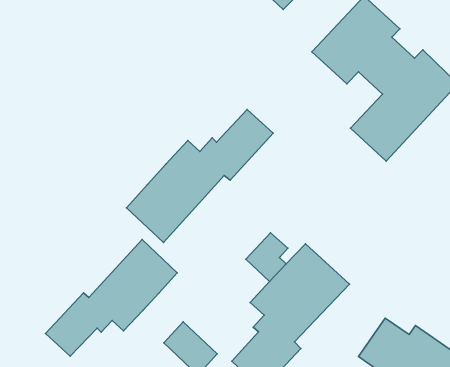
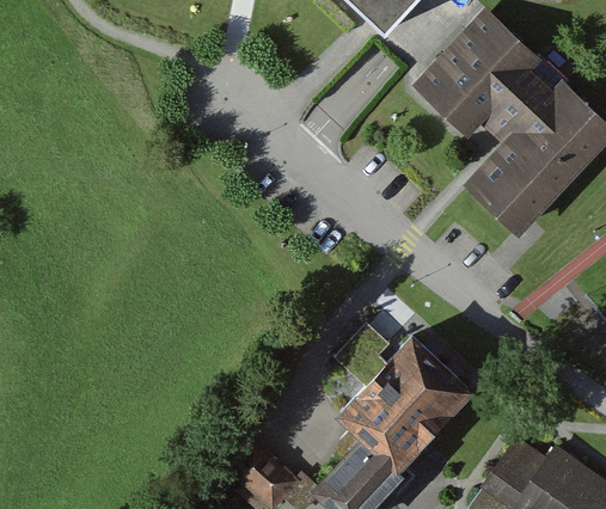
building: [126,110,273,242] -> none
building: [45,240,177,356] -> none

